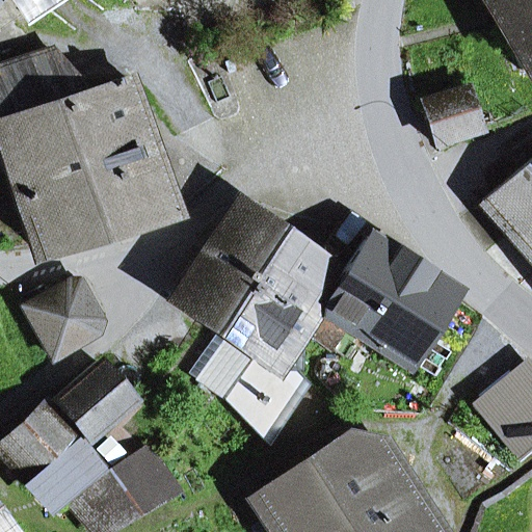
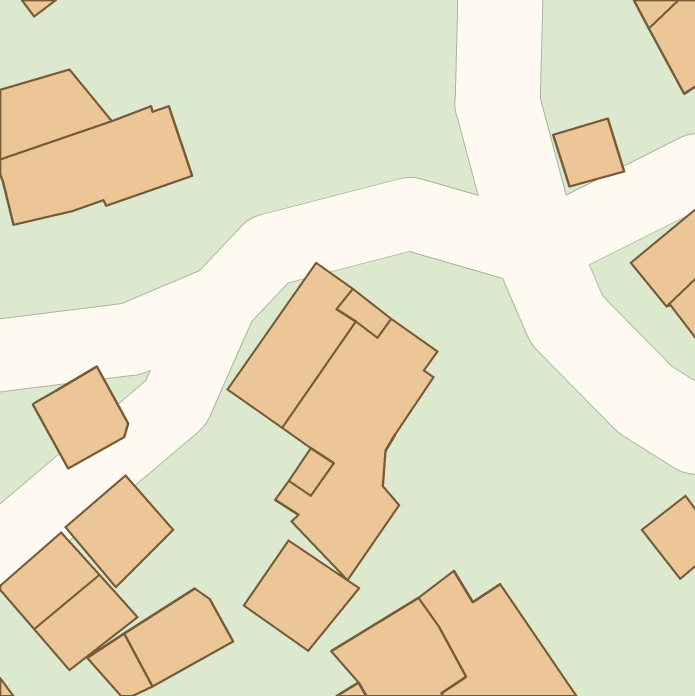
building: [11,134,176,251] -> none
building: [302,237,451,367] -> none
building: none -> [244,541,359,651]

